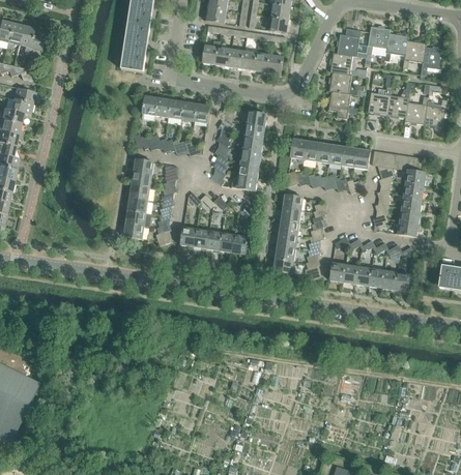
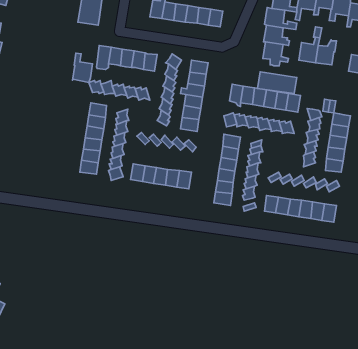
building: [404,95,428,123] -> none
building: none -> [73,53,93,82]
building: none -> [258,72,297,93]

